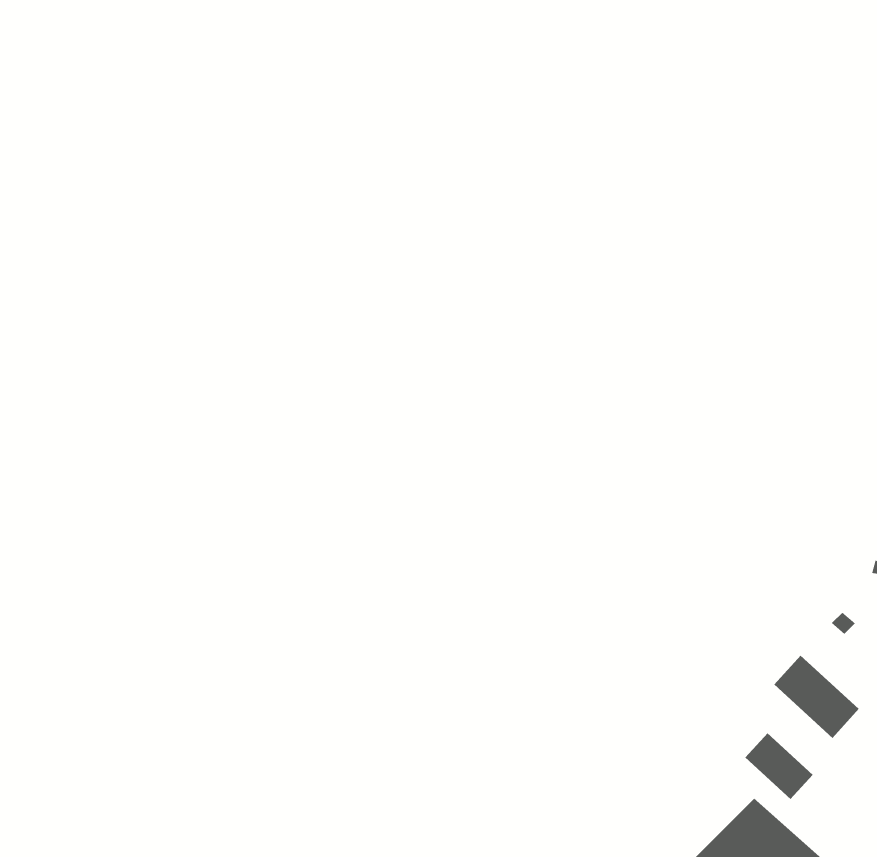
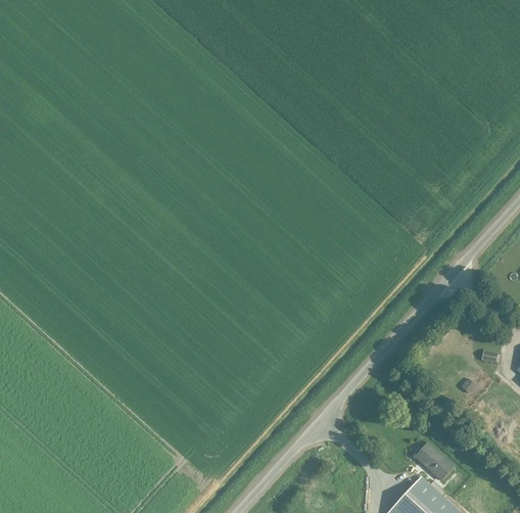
building: [773,655,860,739] -> none

